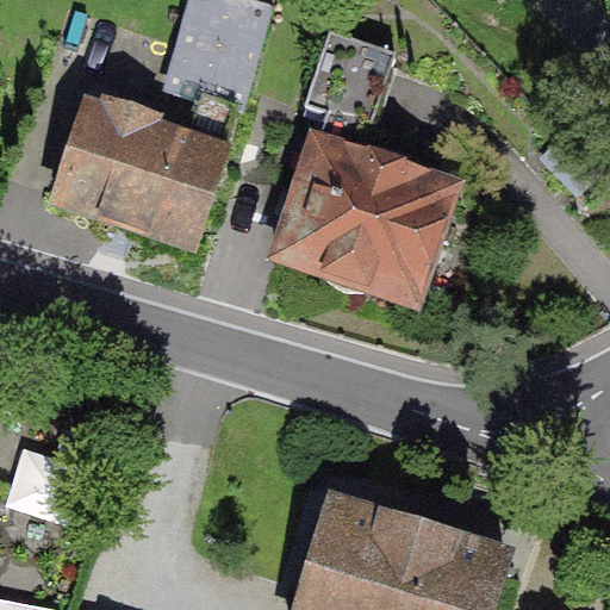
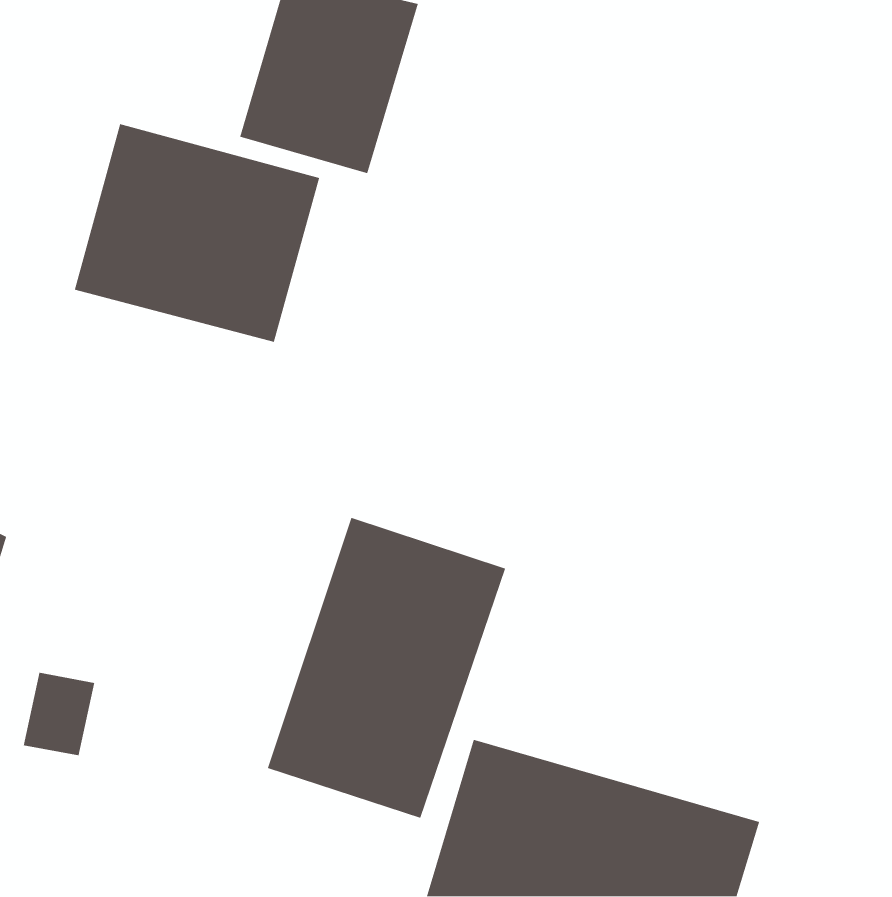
building: [275,37,452,310] -> none
building: none -> [267,517,506,819]

